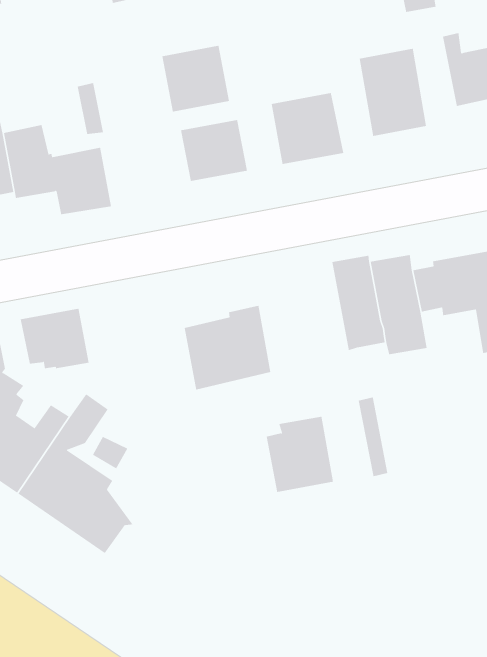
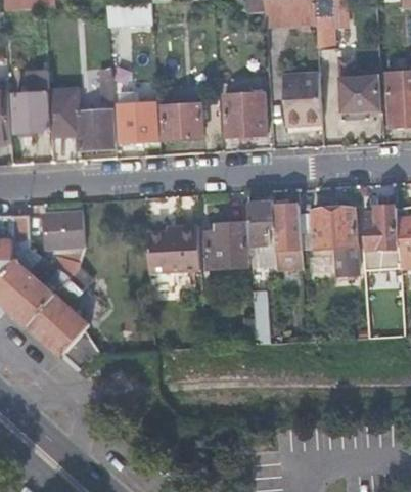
building: [162,45,230,112] -> [117,103,156,142]
building: [266,416,334,493] -> [206,223,245,268]

